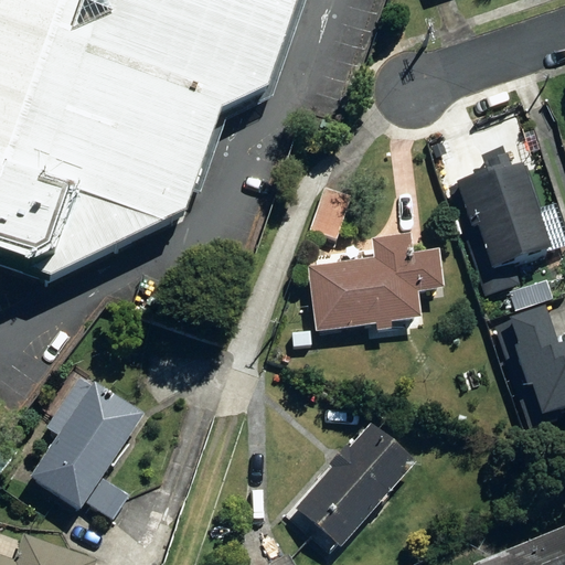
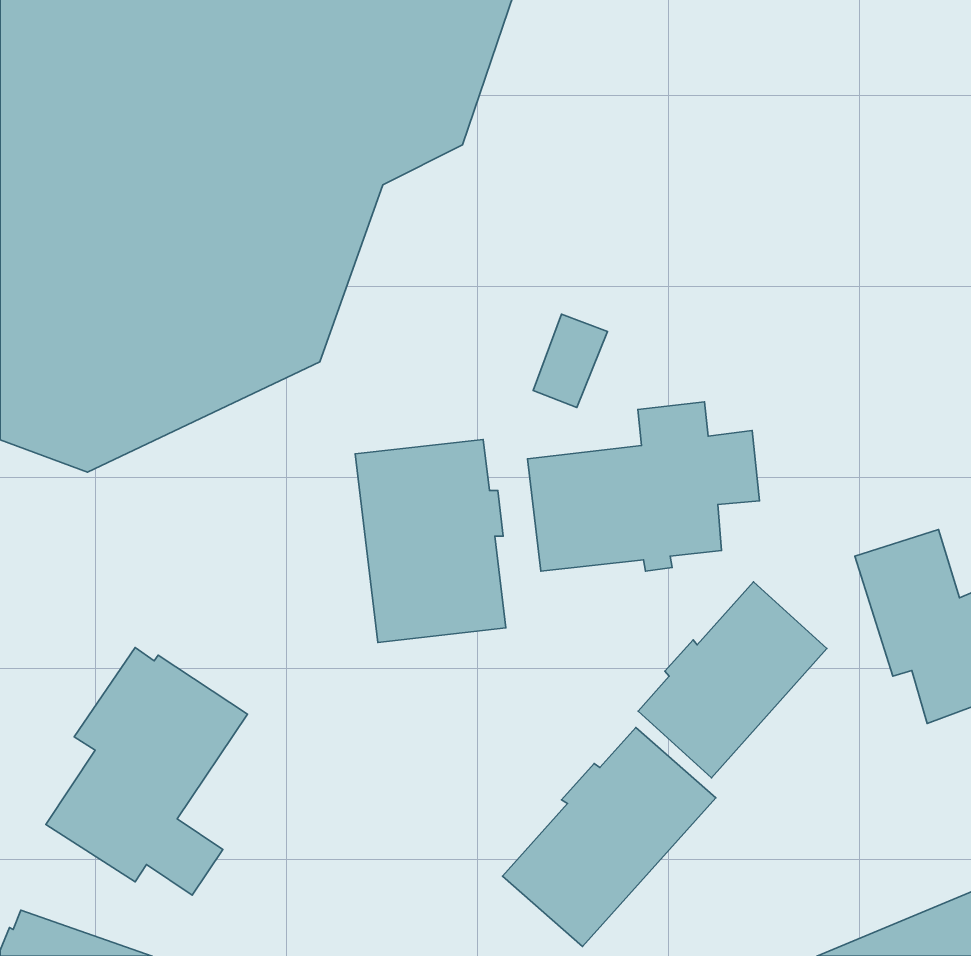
building: [447,158,546,274] -> none
building: none -> [355,440,506,642]
building: none -> [638,582,827,778]

